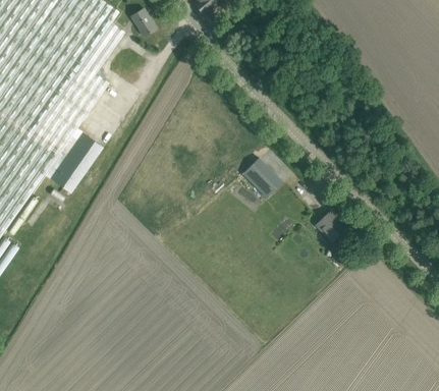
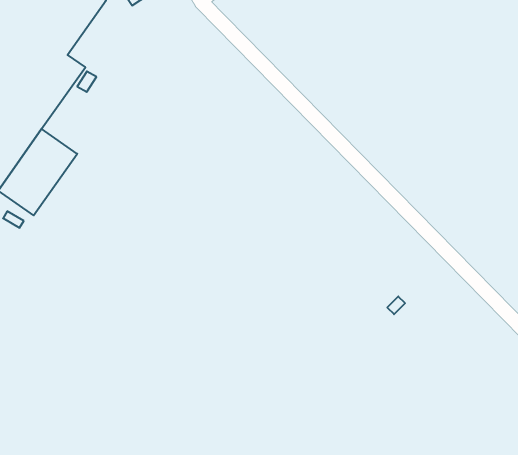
building: [242,157,282,197] -> none
building: [316,210,346,240] -> none

